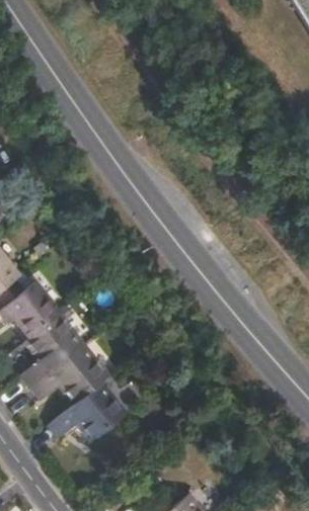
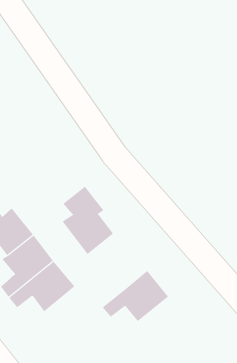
building: none -> [62,186,114,255]
building: [49,379,129,441] -> [102,270,169,322]

